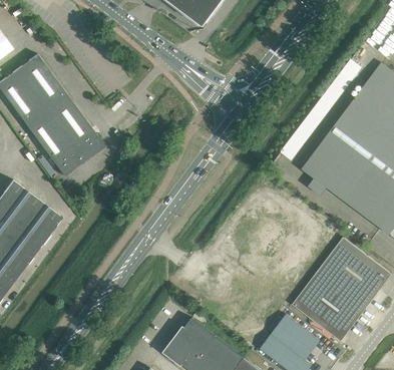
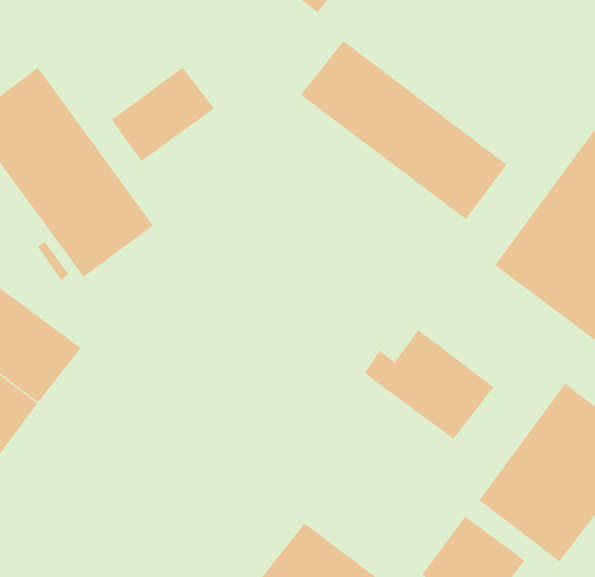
building: none -> [300,40,508,220]
building: none -> [111,67,215,162]
building: none -> [364,330,494,440]

